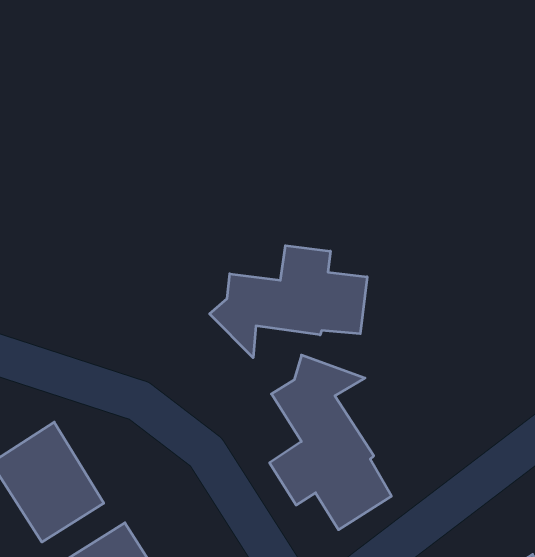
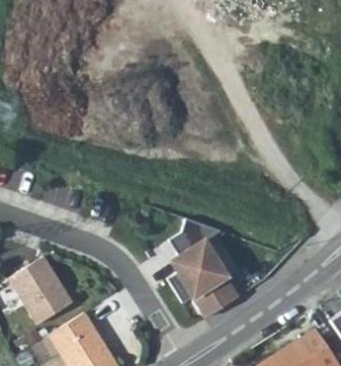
building: [210,246,367,358] -> none

